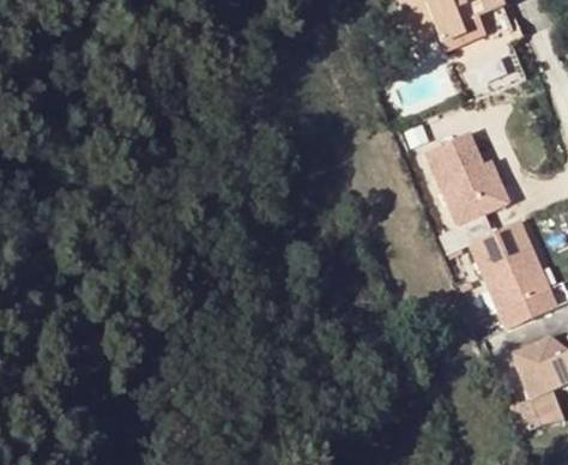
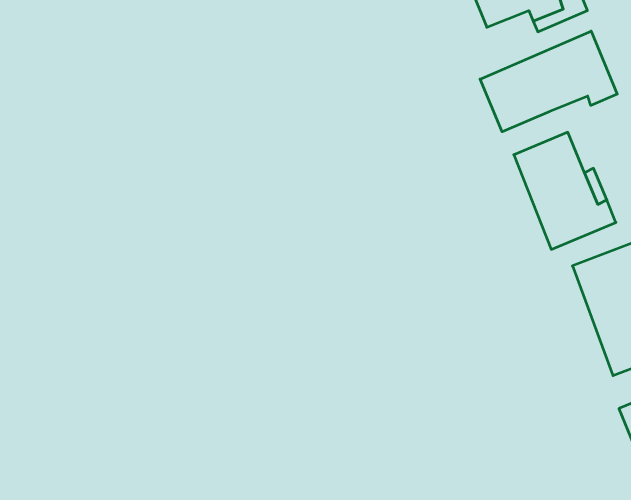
building: none -> [480,31,617,132]

